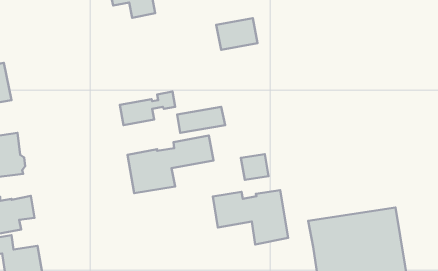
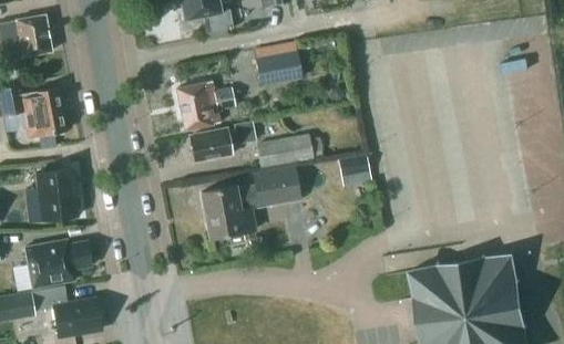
building: [216,18,257,50] -> [254,51,301,87]
building: none -> [176,81,234,128]
building: [241,154,269,180] -> [337,156,369,186]
building: [213,190,288,244] -> none

